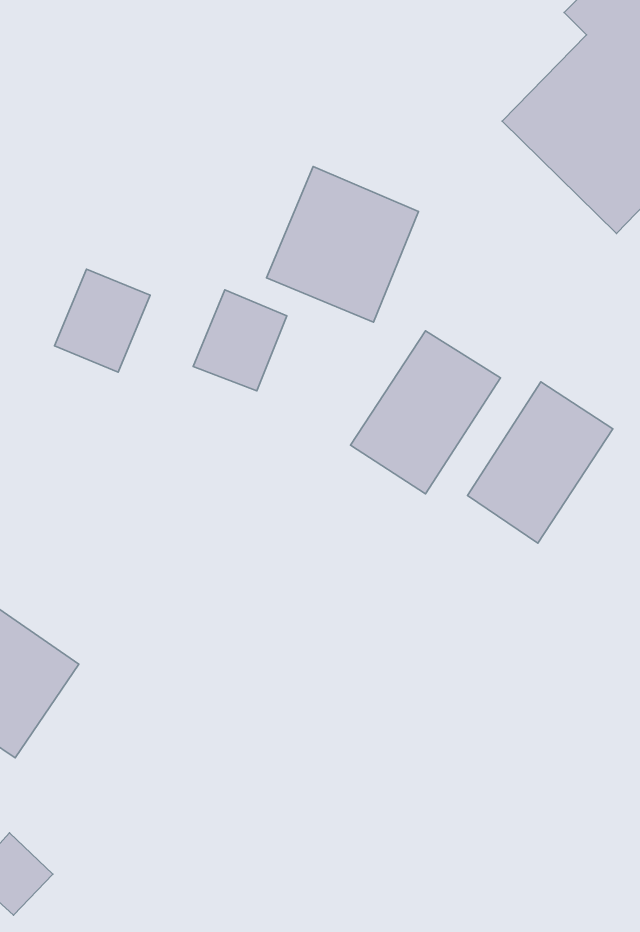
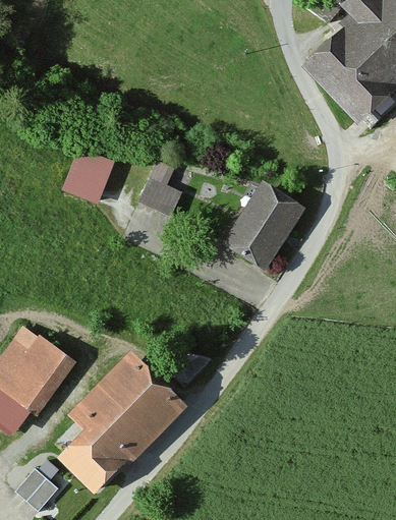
building: [266,166,419,322] -> none
building: [468,382,613,543] -> none
building: none -> [57,354,181,494]

